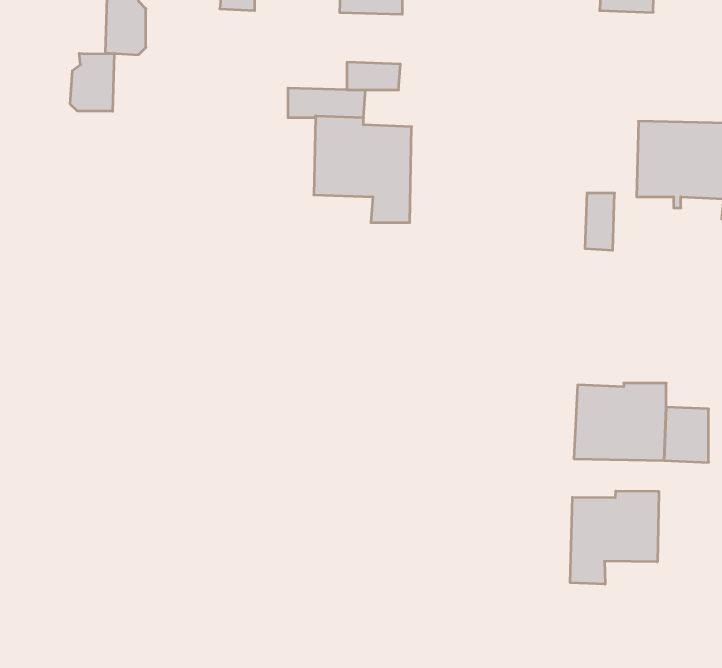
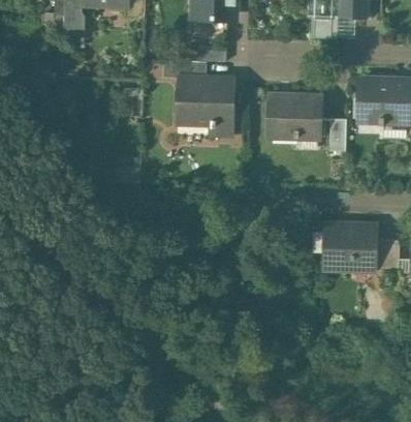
building: none -> [310,14,337,37]
building: [70,53,114,111] -> none
building: none -> [266,93,319,137]
building: [570,491,659,584] -> none

